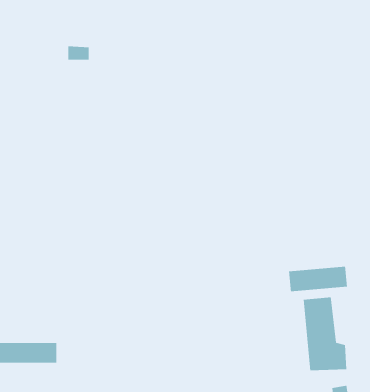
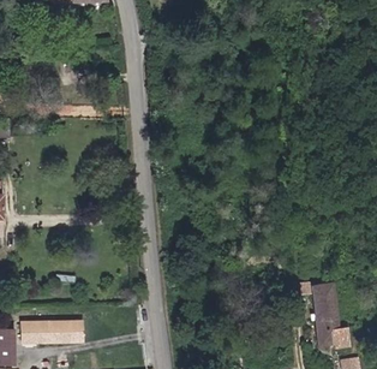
building: [288,266,348,292] -> none

